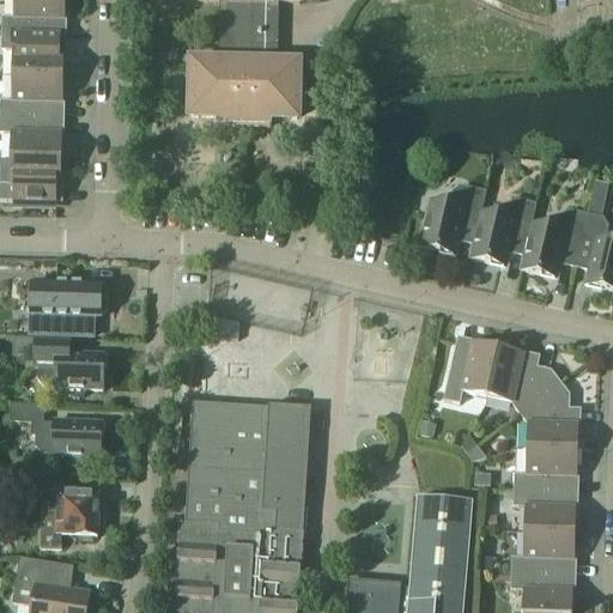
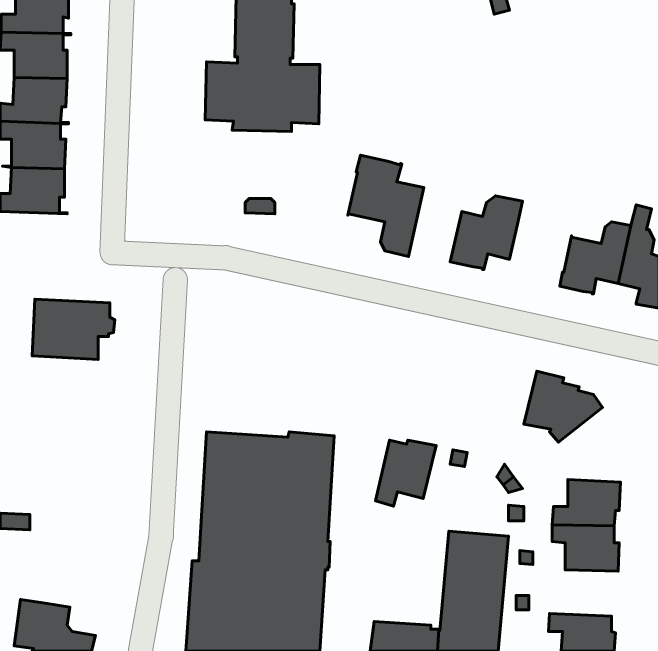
building: none -> [348,155,424,257]
building: [469,194,536,262] -> none
building: [13,334,105,395] -> none
building: [443,340,499,401] -> [375,440,436,506]
building: [520,378,578,448] -> none
building: [11,401,103,463] -> none
building: [43,485,99,545] -> none
building: [511,529,575,572] -> none

